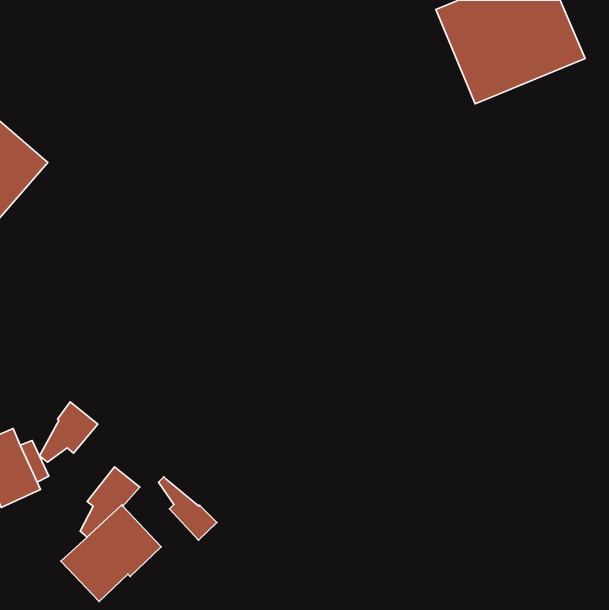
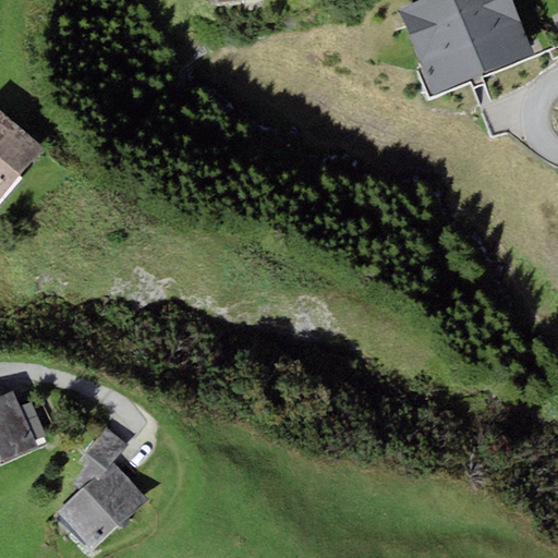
building: [39,402,98,462] -> none
building: [159,477,217,540] -> none

